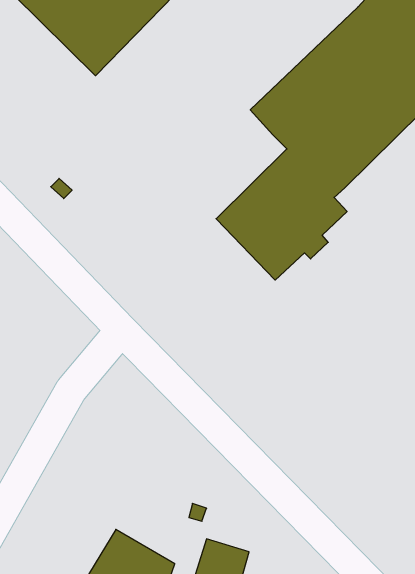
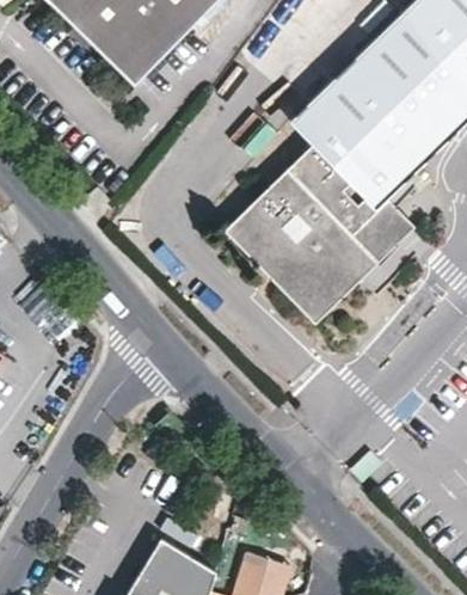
building: none -> [226,143,414,321]

